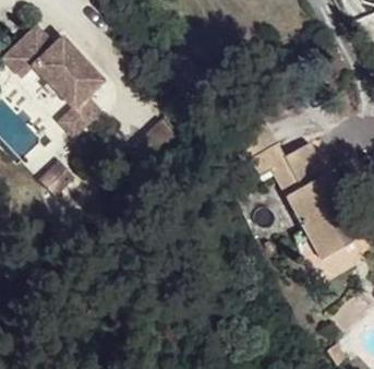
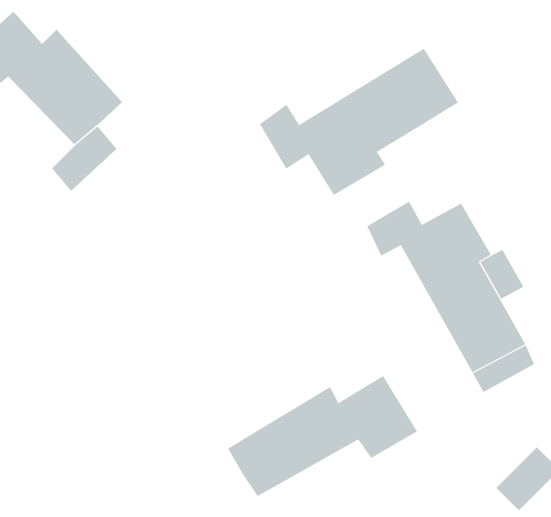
building: none -> [259,48,459,196]
building: none -> [227,375,418,497]

